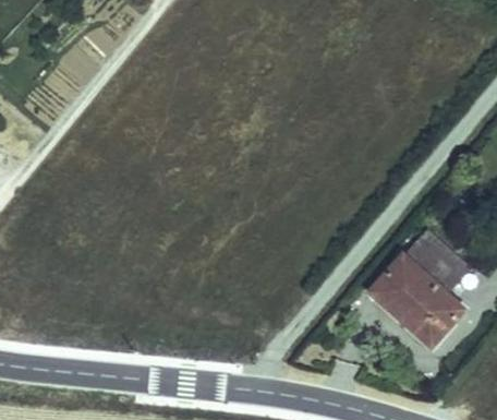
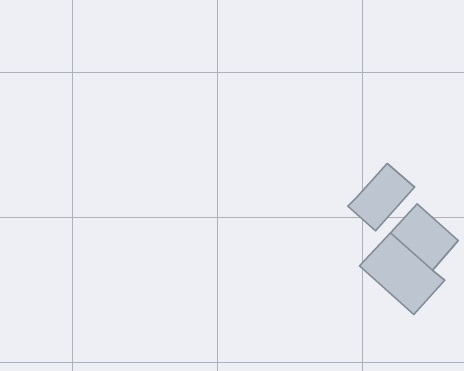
building: none -> [348,164,415,231]

